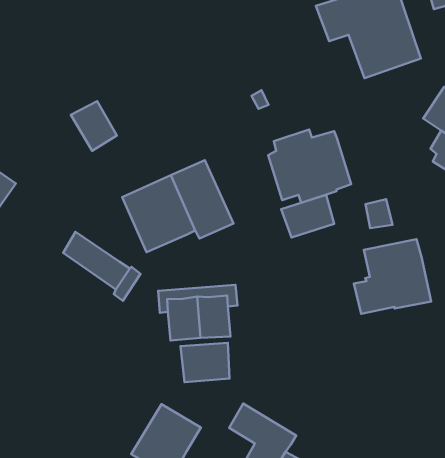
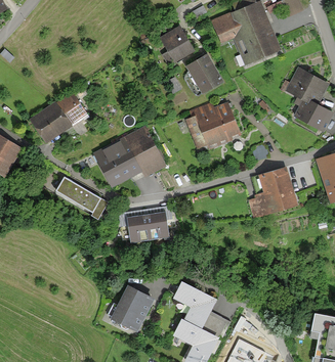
building: none -> [159,25,195,62]
building: none -> [185,53,223,94]
building: none -> [29,101,72,143]
building: [281,195,334,238] -> none
building: [180,343,229,382] -> none

